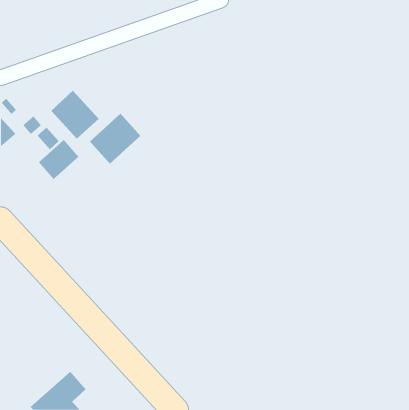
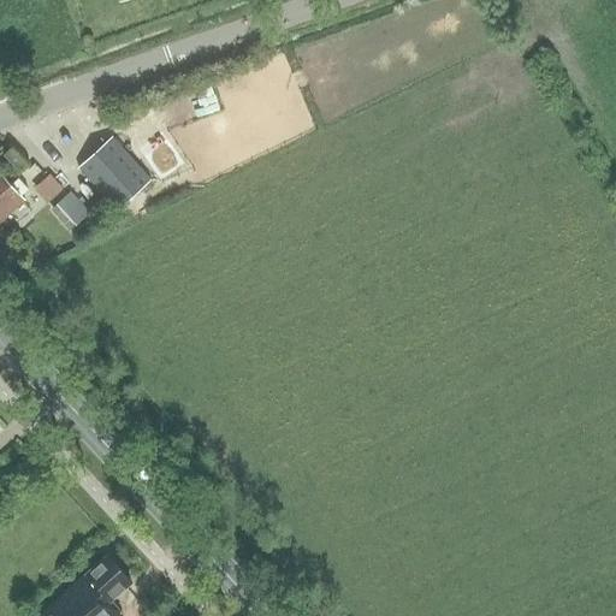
building: [89,113,141,164] -> none
building: [38,139,79,180] -> none

